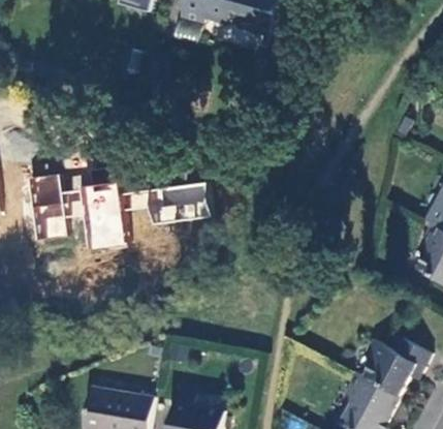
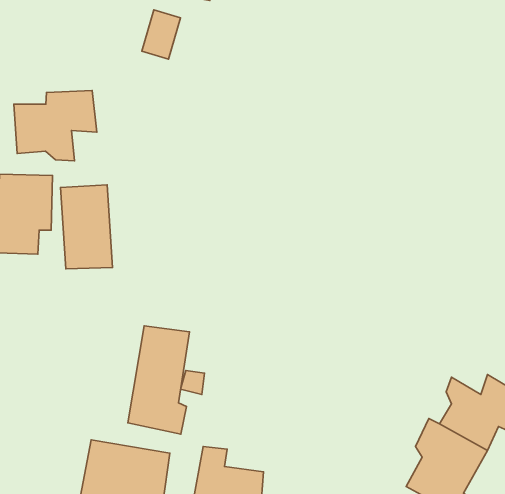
building: none -> [14,90,97,161]
building: [136,186,199,226] -> none
building: none -> [128,326,190,434]

